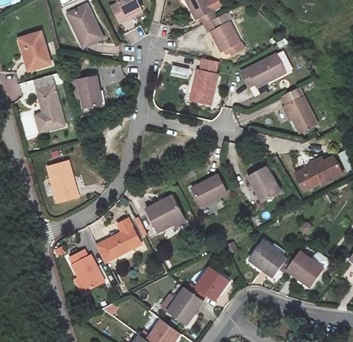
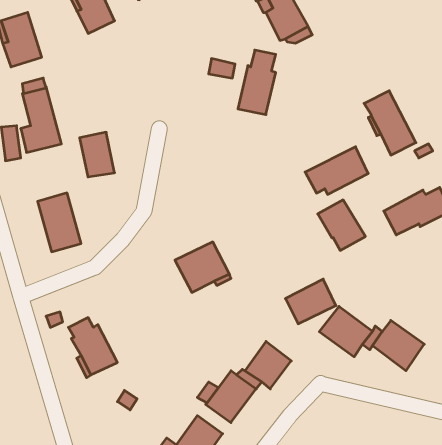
building: [240,53,285,87] -> [305,147,368,194]
building: [77,75,102,107] -> [80,132,115,177]
building: [191,174,227,206] -> [285,279,336,324]
building: [96,218,141,261] -> none

